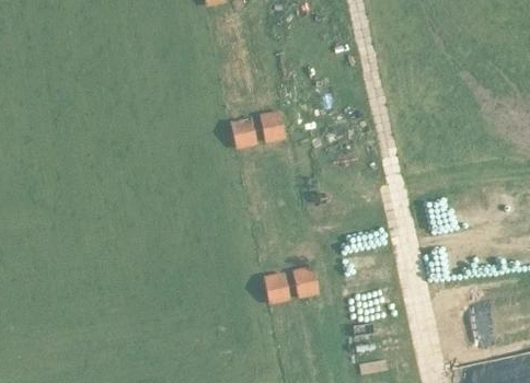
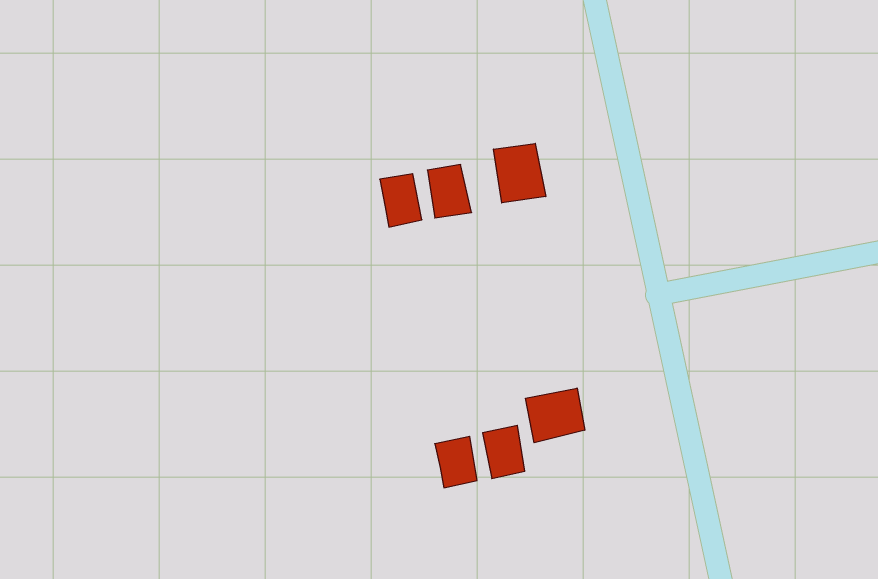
building: none -> [494,143,546,203]
building: none -> [526,388,585,443]

